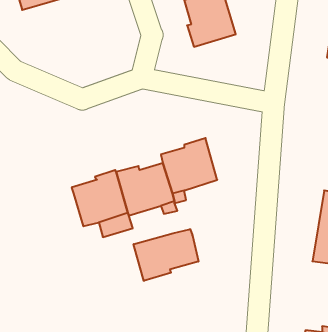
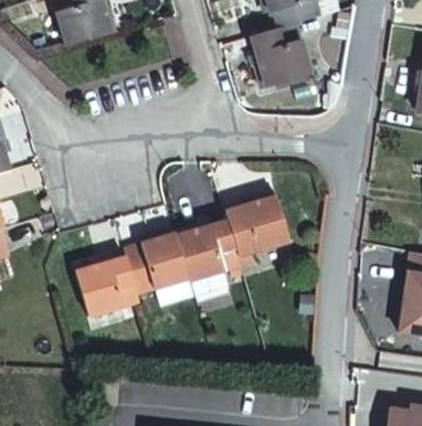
building: none -> [74,255,139,316]
building: [134,229,198,281] -> none

